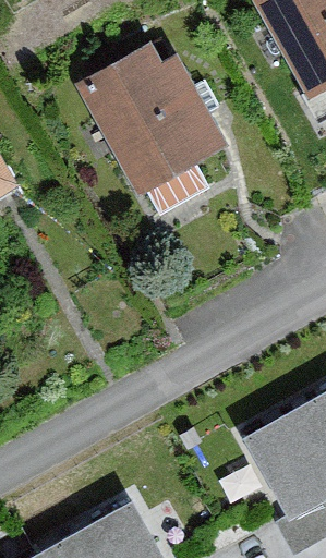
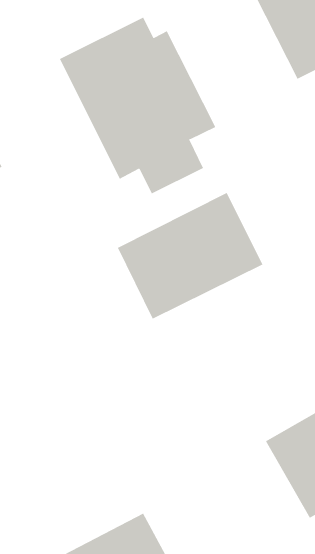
building: none -> [117,192,263,320]

